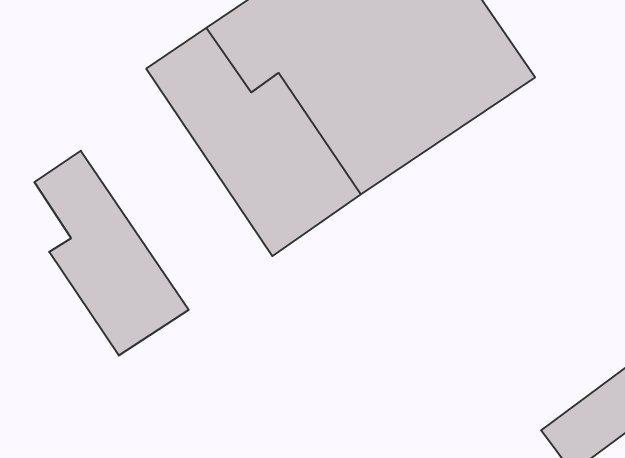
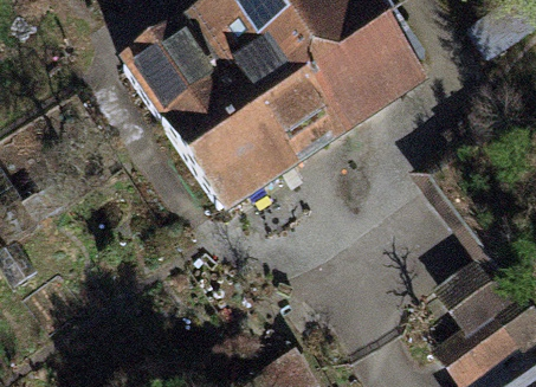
building: [34,151,189,356] -> none

